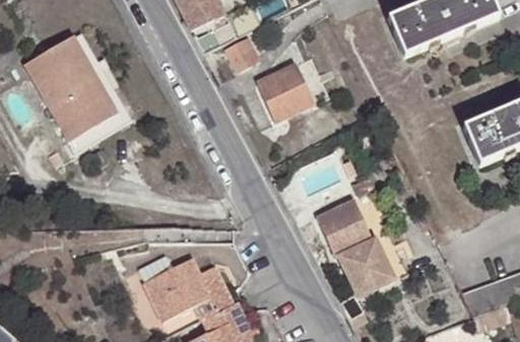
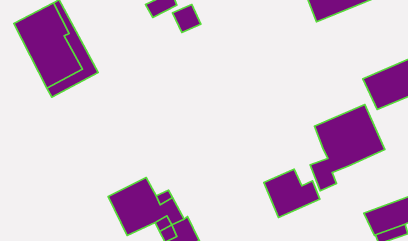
building: [255,64,311,121] -> none
building: none -> [310,104,385,191]
building: [316,199,371,255] -> none

